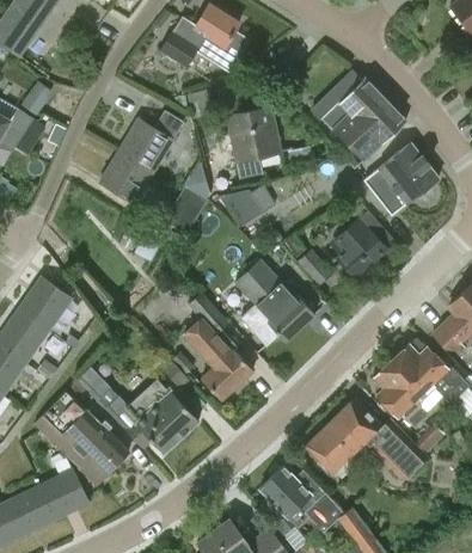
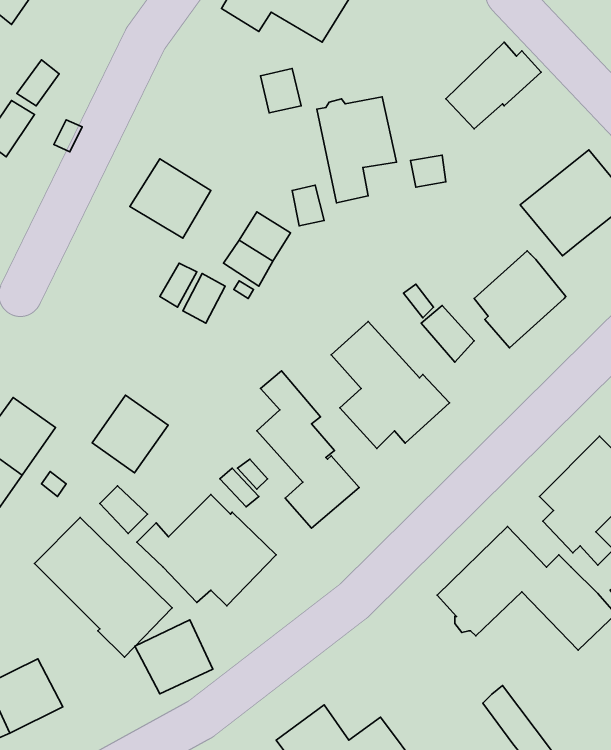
building: [331,91,405,161] -> none
building: [118,110,183,171] -> none
building: [227,177,277,223] -> none
building: [19,278,71,331] -> [92,395,168,473]
building: [259,466,343,532] -> none
building: [36,469,88,520] -> [135,620,213,694]

